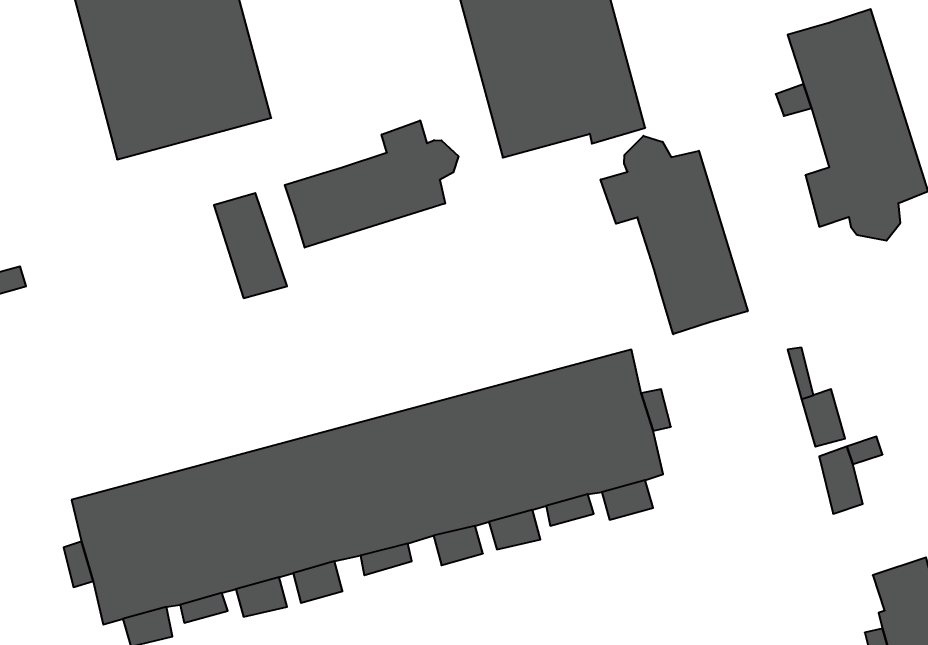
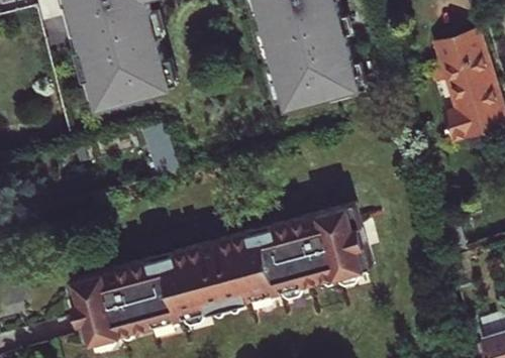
building: [285,120,458,248] -> none
building: [601,136,748,334] -> none

